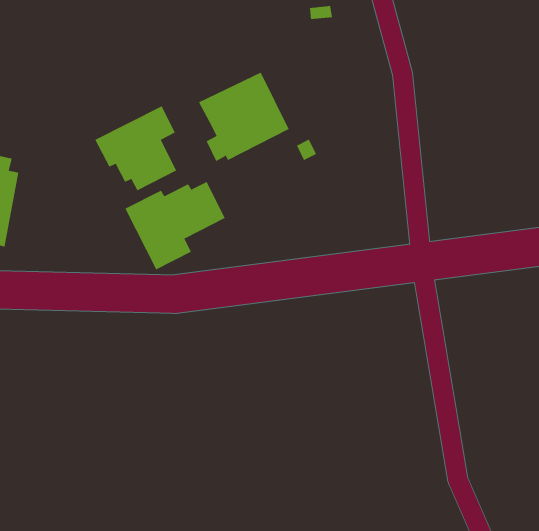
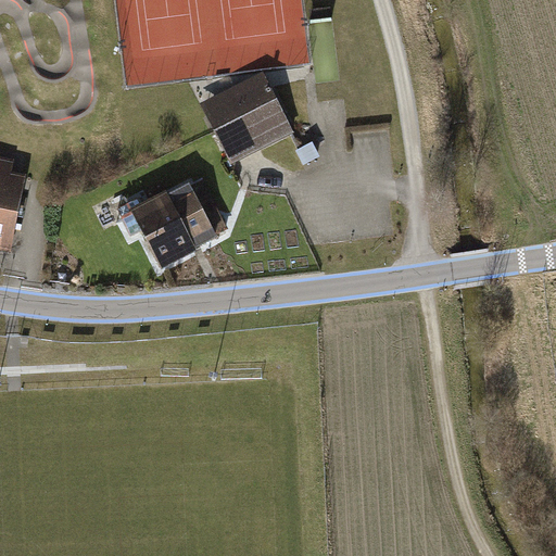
building: [95,105,177,191] -> none

